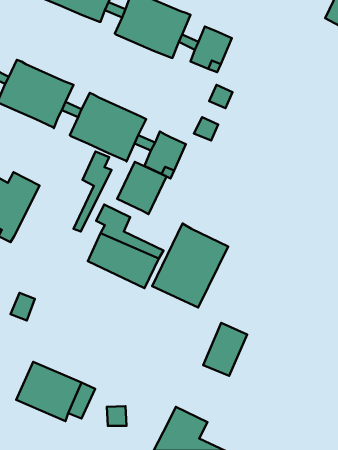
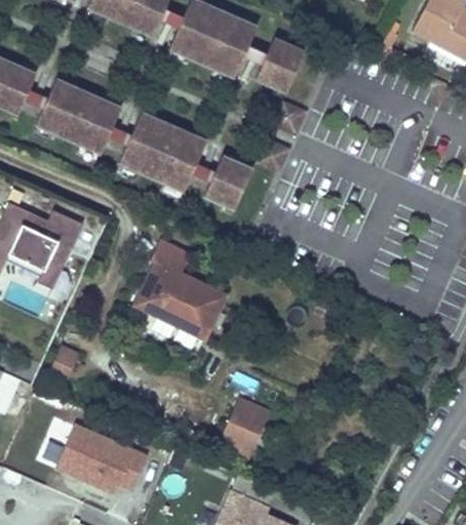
building: [74,151,112,232] -> none
building: [117,162,166,214] -> none
building: [152,223,228,307] -> none
building: [203,323,247,376] -> [219,395,269,455]

